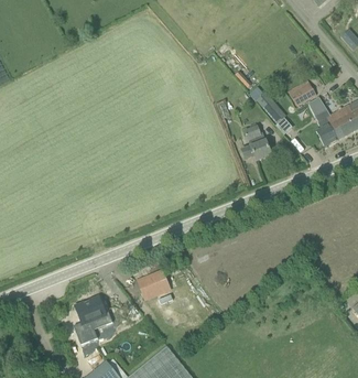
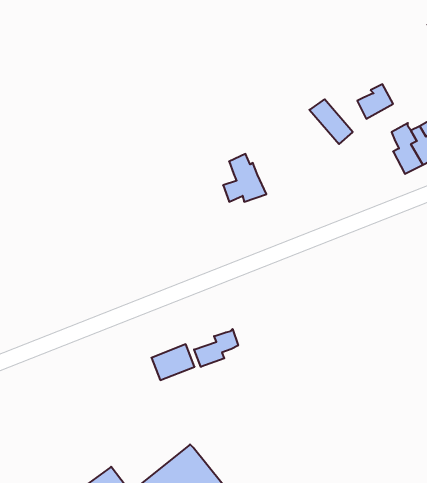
building: [239,125,271,160] -> [223,154,266,202]
building: none -> [194,329,238,367]
building: [73,296,111,344] -> none

